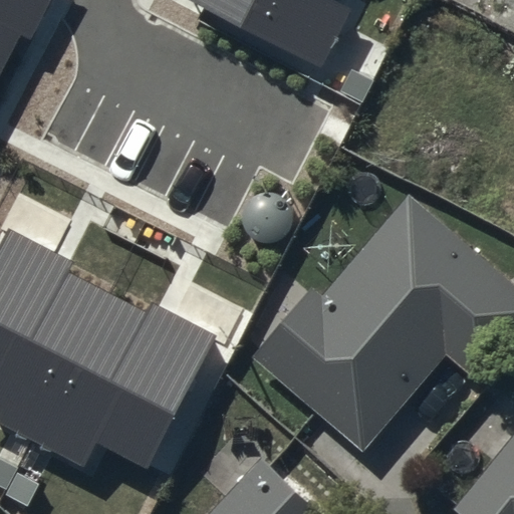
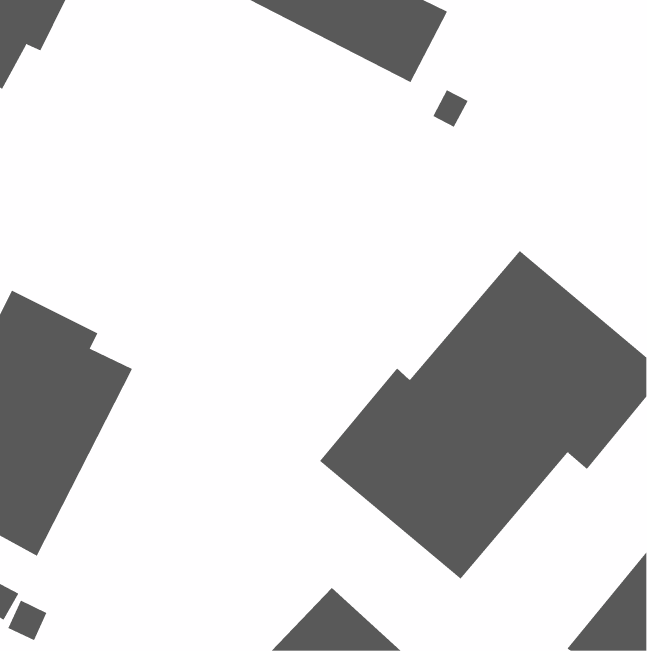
building: [29,290,218,470] -> none

